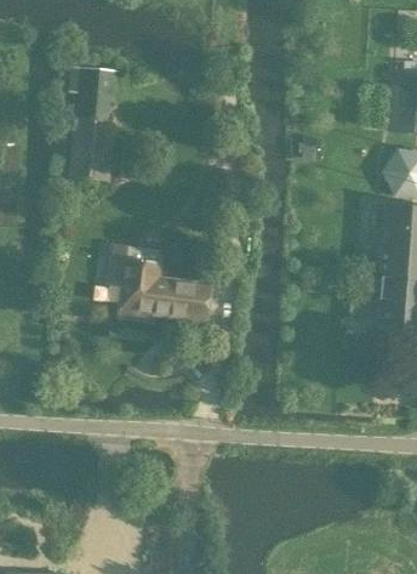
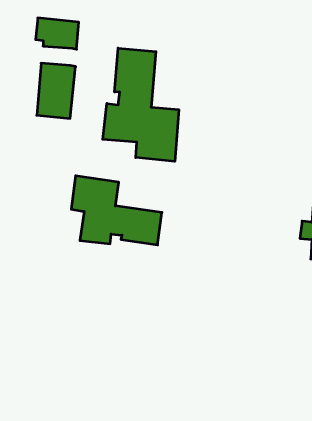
building: none -> [103,48,179,161]

